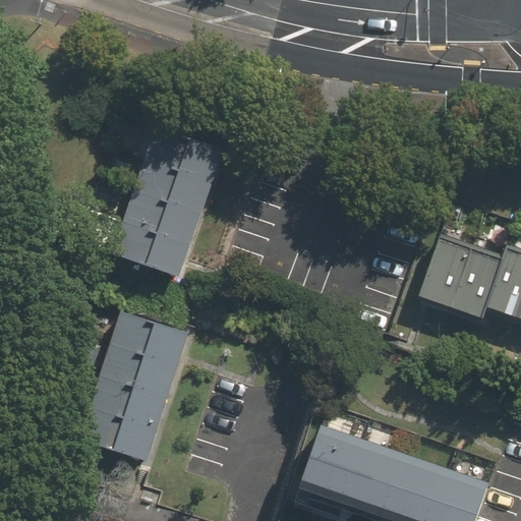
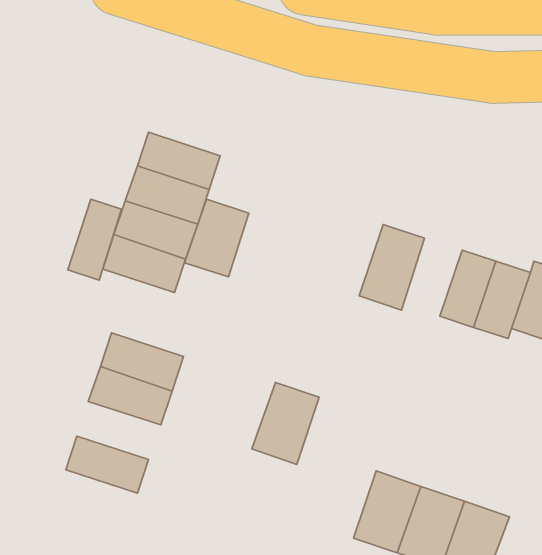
building: none -> [185,199,249,277]
building: none -> [68,199,121,280]
building: none -> [359,224,425,310]
building: [91,375,167,428] -> none
building: [301,425,362,500] -> [252,383,319,464]

